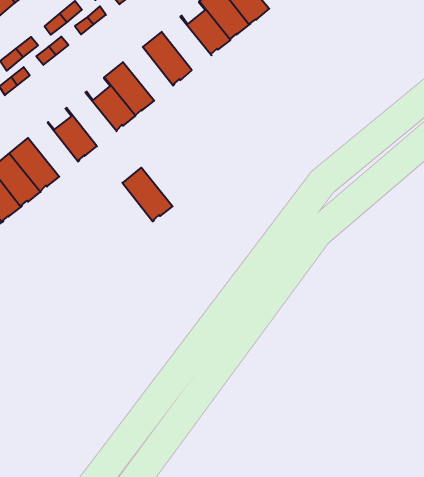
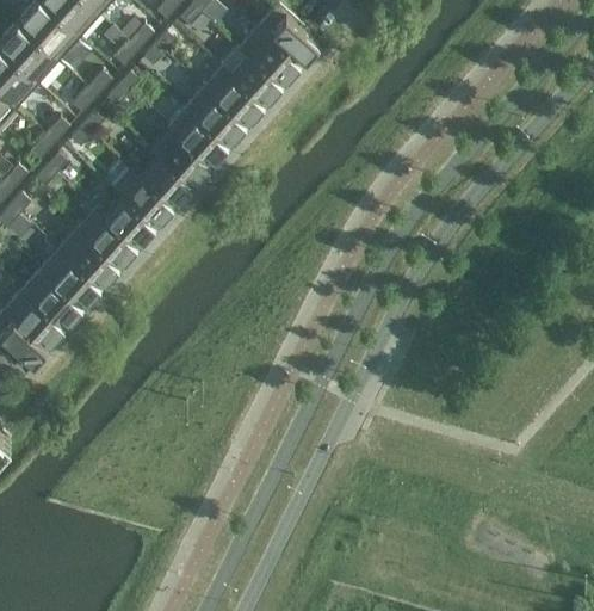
building: none -> [204,68,264,125]
building: none -> [167,109,227,166]
building: none -> [76,210,136,267]
building: [122,168,173,221] -> [113,169,173,227]

